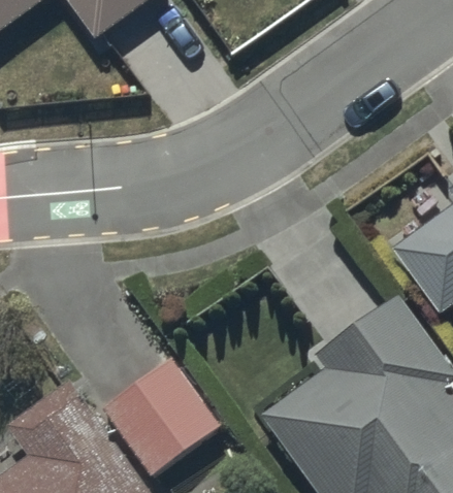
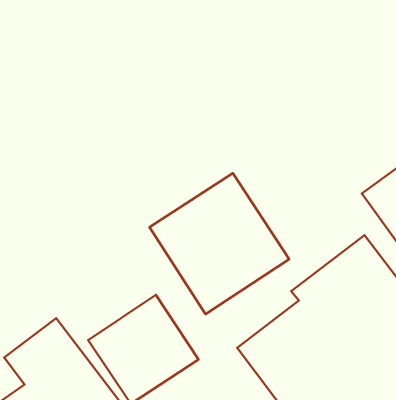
building: none -> [150,173,289,314]

